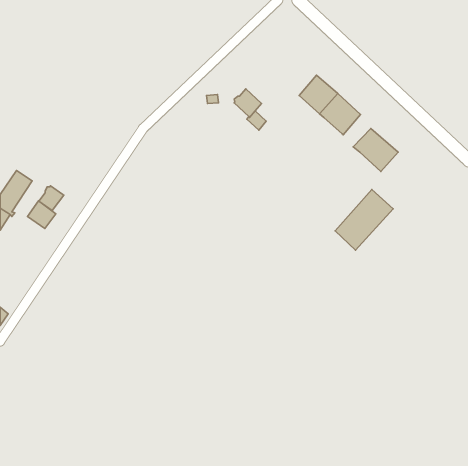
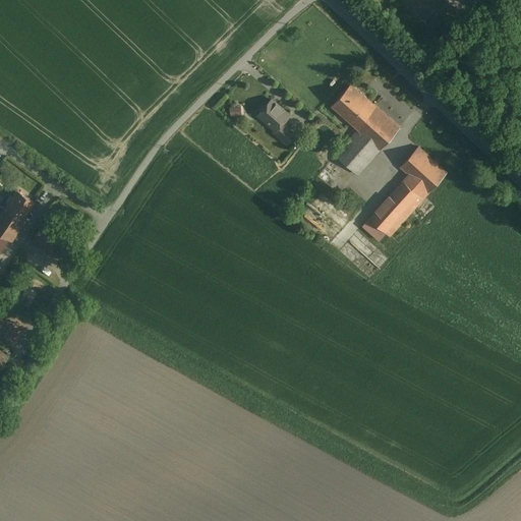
building: none -> [338,133,381,177]
building: [39,186,64,211] -> none
building: [335,190,393,250] -> [359,172,423,239]

